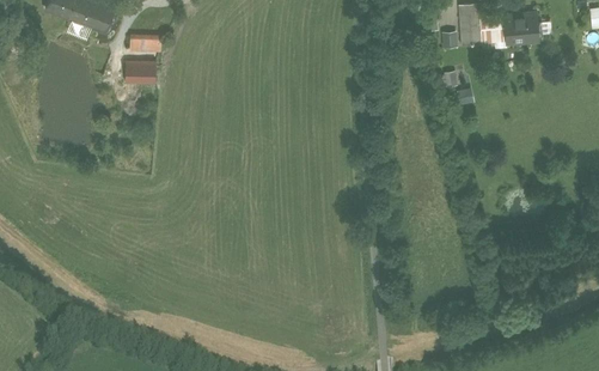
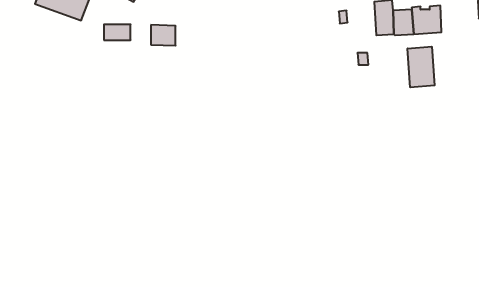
building: [124,60,154,85] -> [151,25,176,46]
building: none -> [408,47,435,87]

